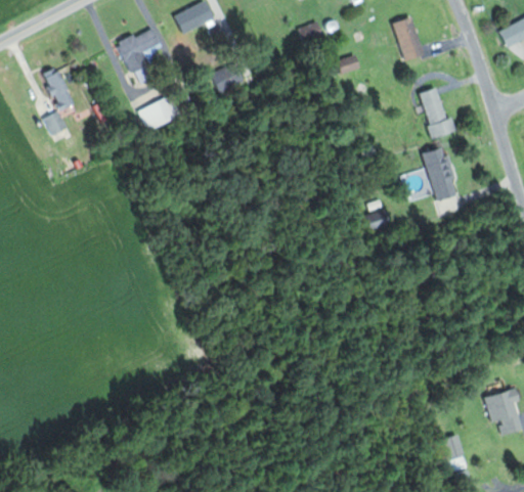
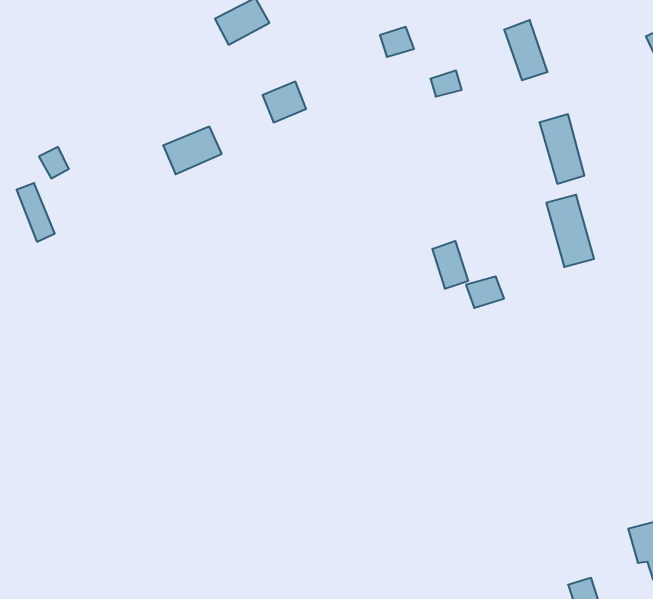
building: [118,27,161,75] -> none
building: [45,68,74,111] -> [16,183,55,242]
building: none -> [432,241,468,289]

